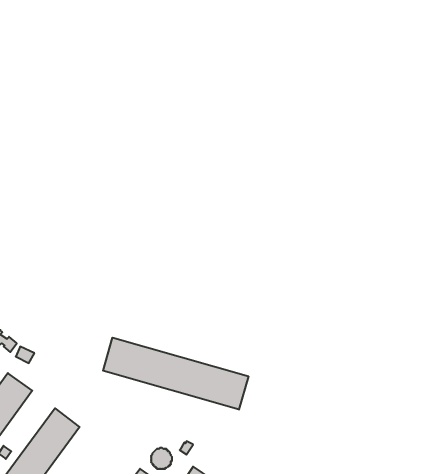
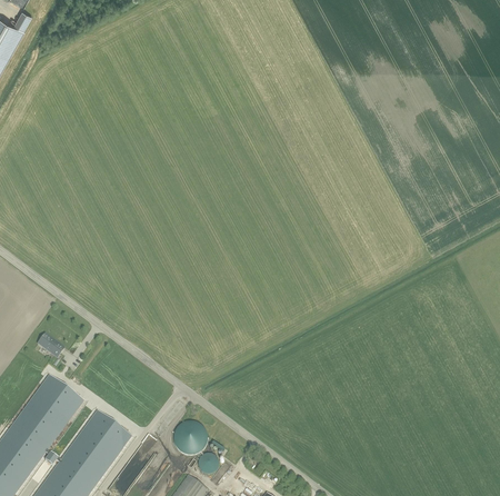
building: [103,338,248,410] -> none
building: none -> [172,421,207,456]

